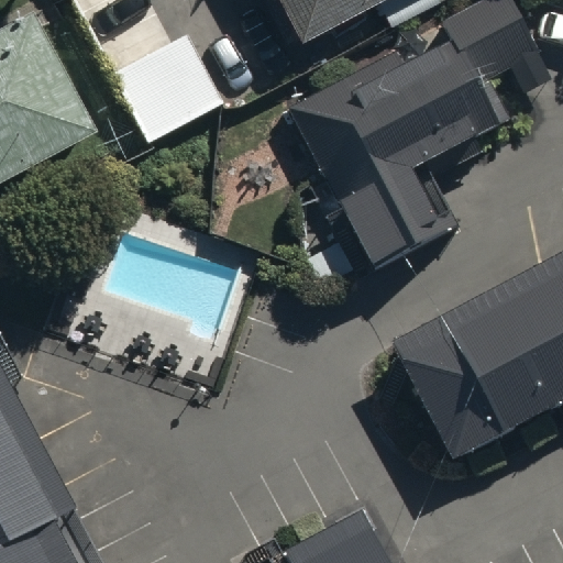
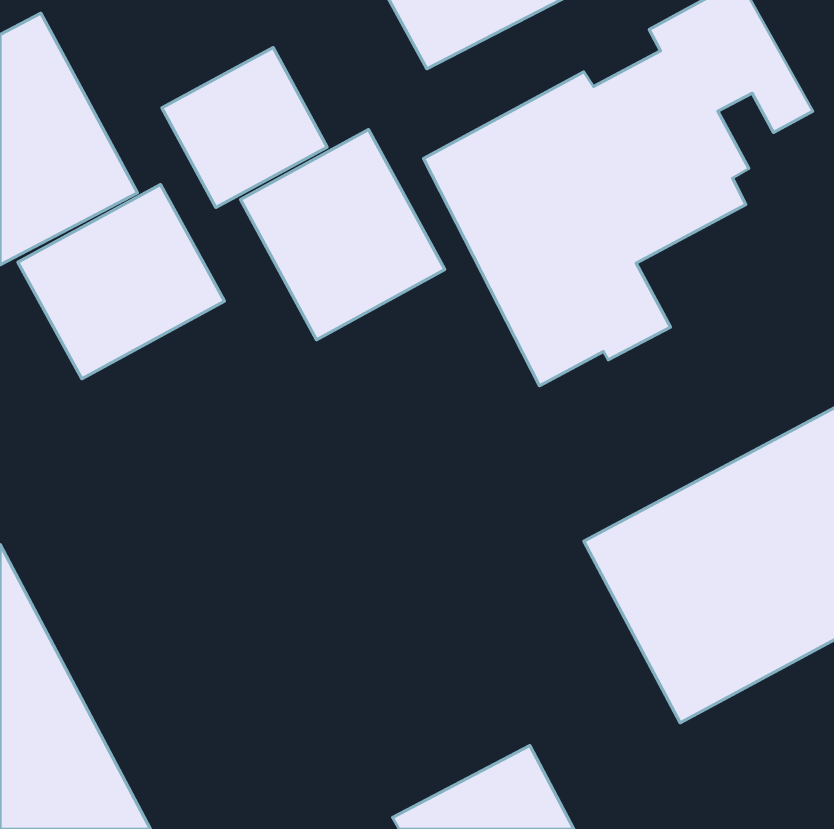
building: none -> [240,129,445,340]
building: none -> [18,184,225,379]

